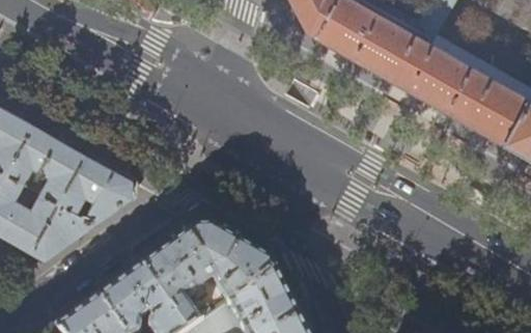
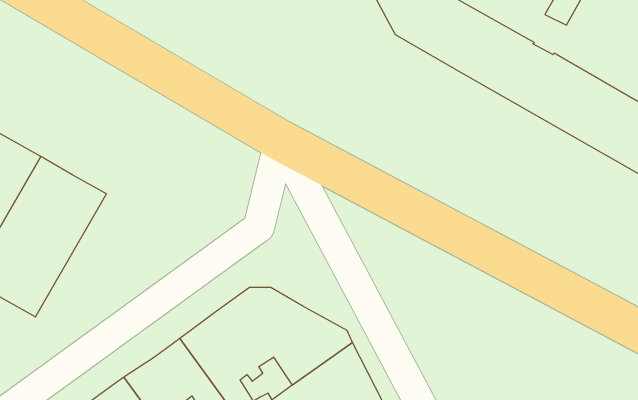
building: [29,155,131,259] -> none

